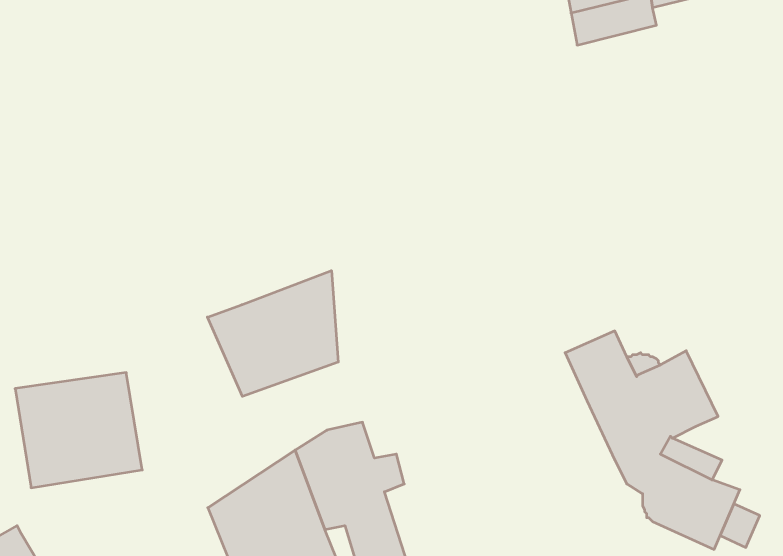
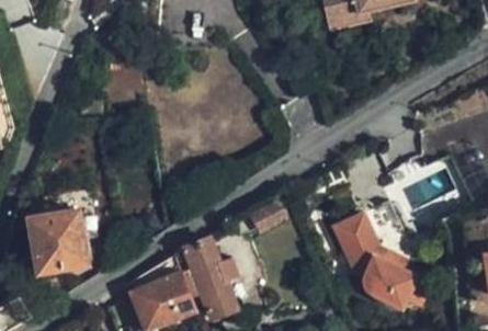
building: [207,271,338,396] -> none

